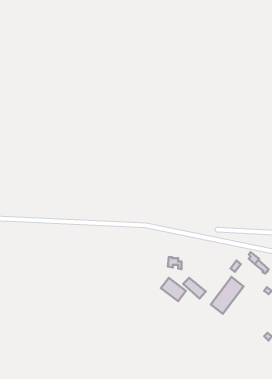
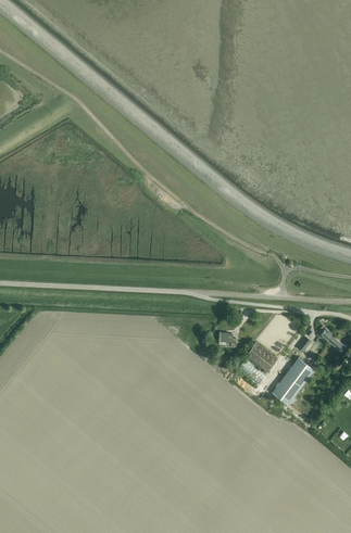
building: [161,278,186,301] -> [246,342,277,371]

